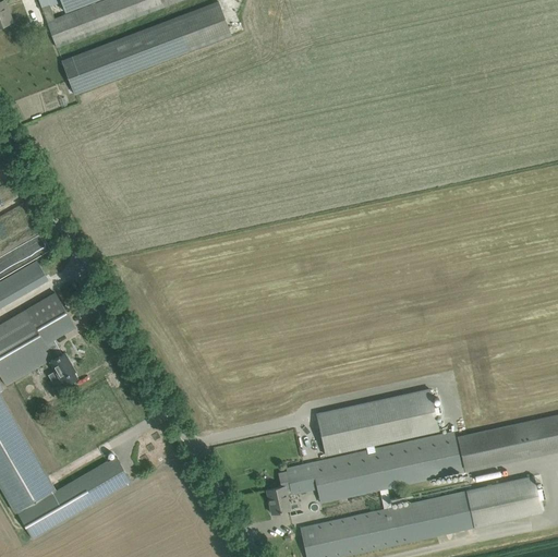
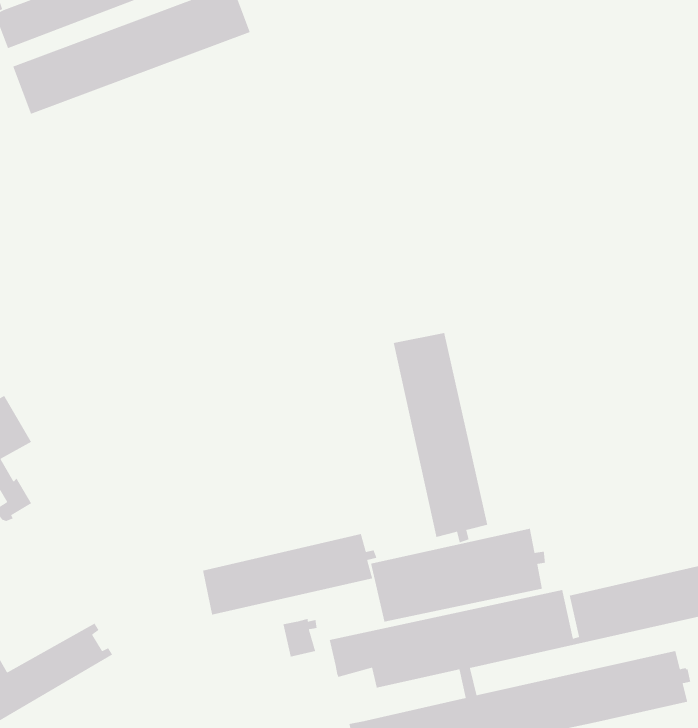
building: none -> [393,332,488,543]
building: none -> [202,533,377,615]
building: [266,485,291,513] -> [282,618,318,657]

